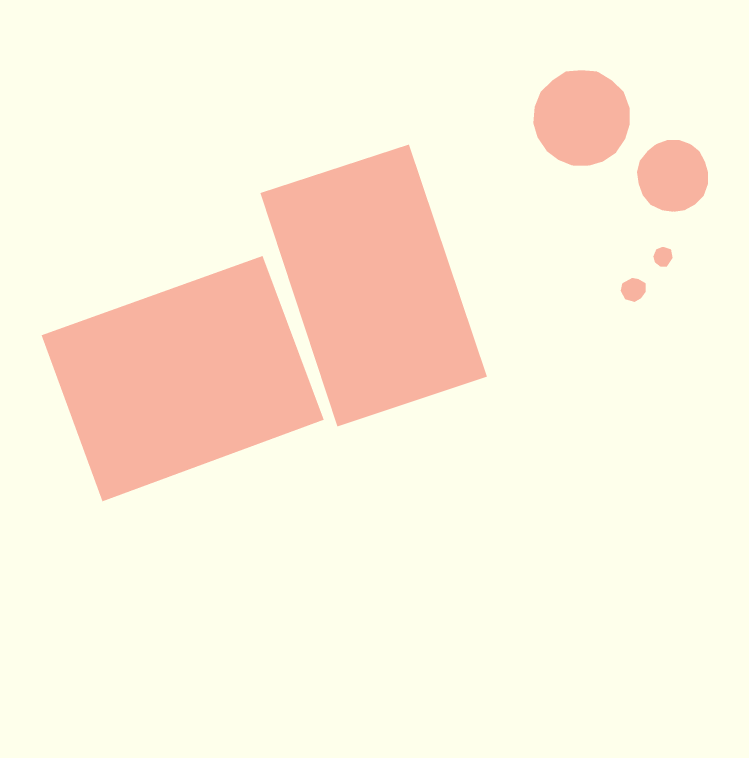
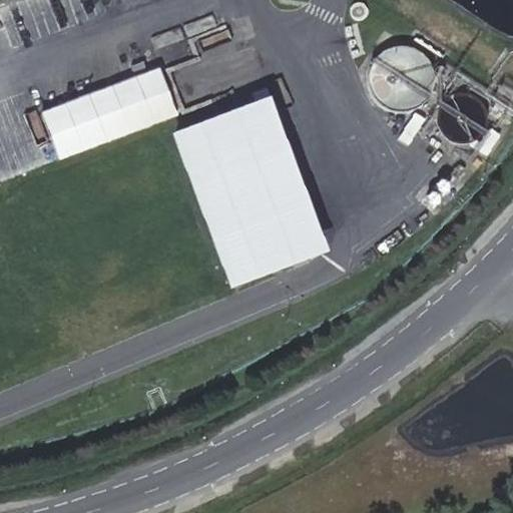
building: none -> [37,67,173,158]
building: [41,255,324,502] -> none

